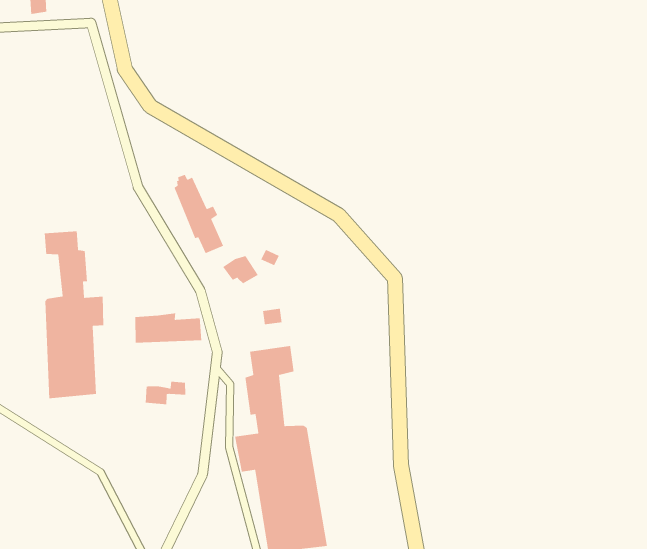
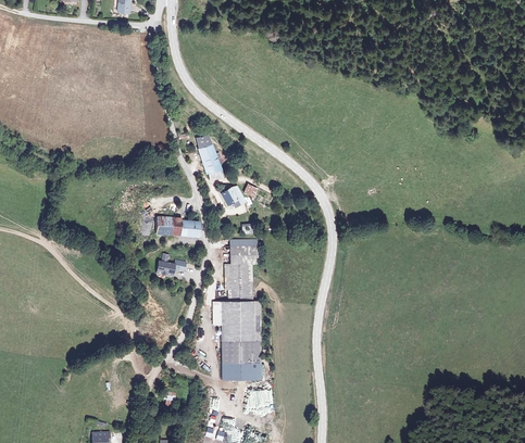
building: [44,231,104,399] -> none

